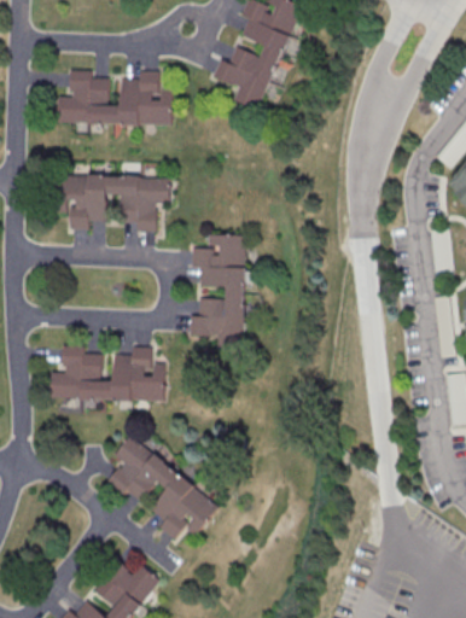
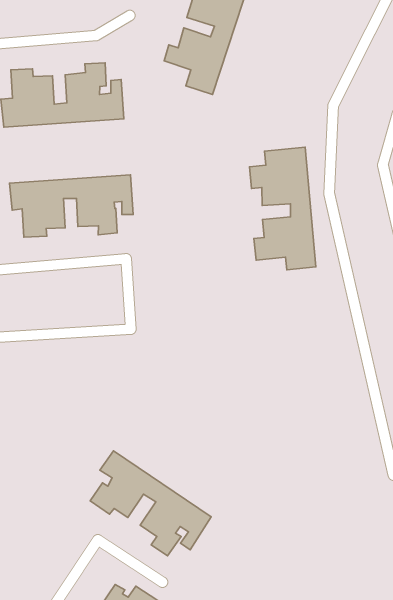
building: [188,234,245,348] -> [249,147,316,270]
building: [48,344,164,401] -> none

